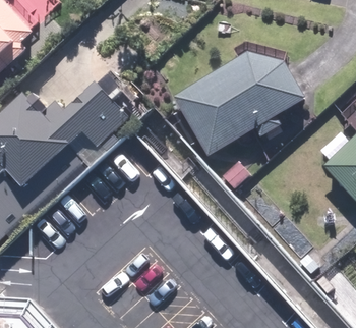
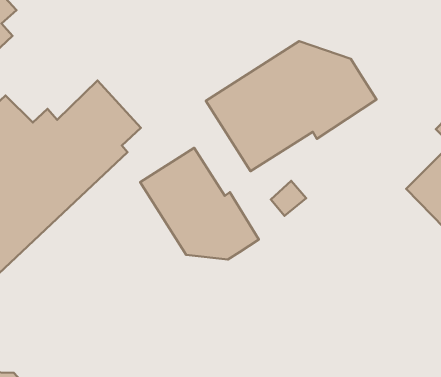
building: none -> [140,148,259,259]

